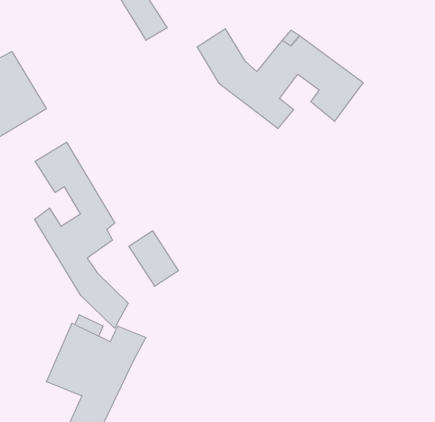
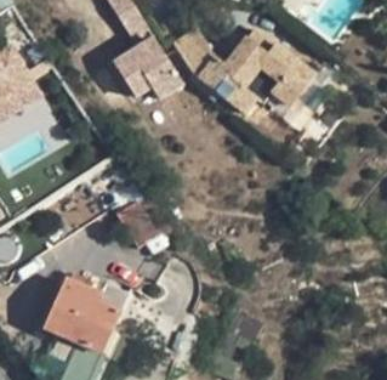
building: none -> [112,38,181,98]
building: [34,142,128,328] -> none

